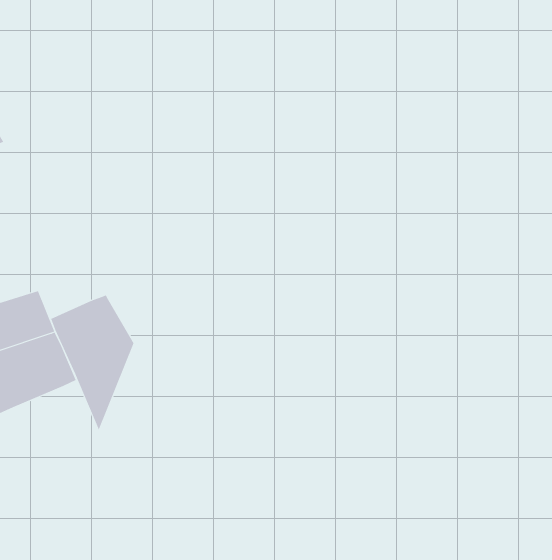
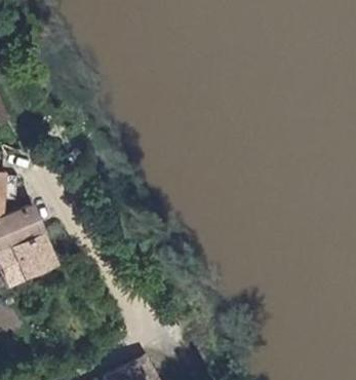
building: [50,294,134,431] -> none

